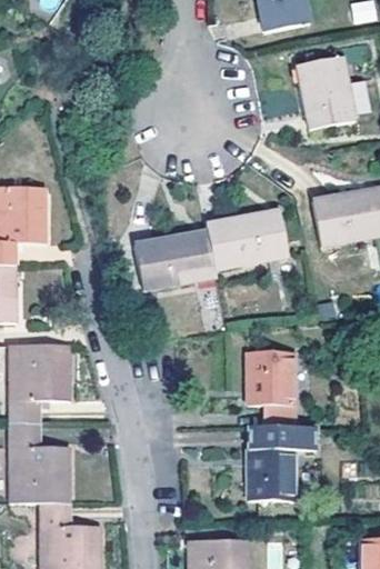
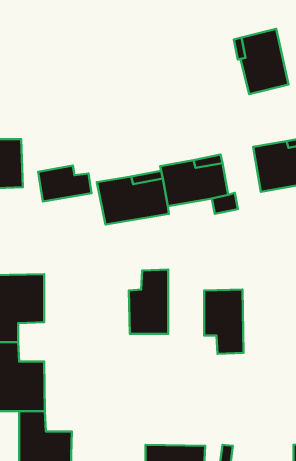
building: none -> [38,166,91,201]
building: [254,436,300,510] -> [129,270,168,334]

